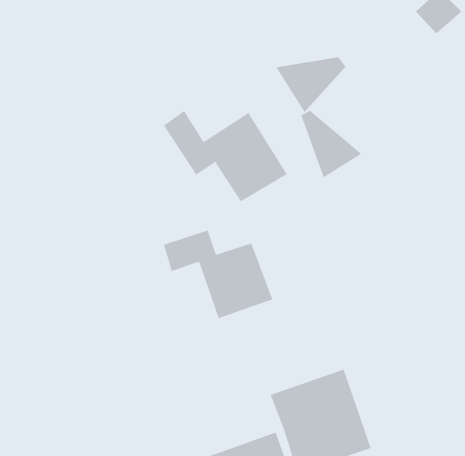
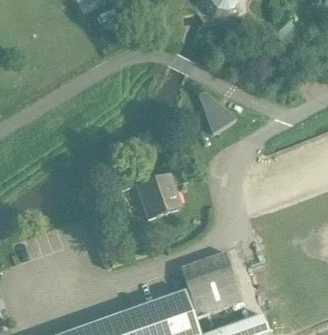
building: [276,57,346,113] -> none
building: [163,110,288,202] -> none

